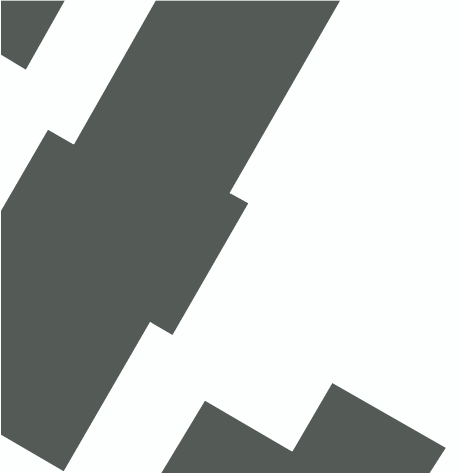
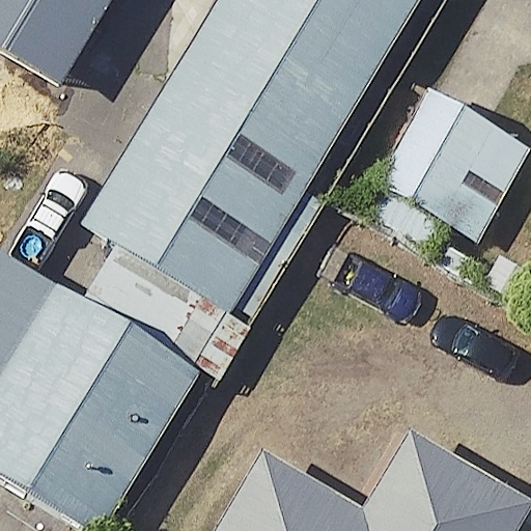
building: none -> [347,83,525,268]

